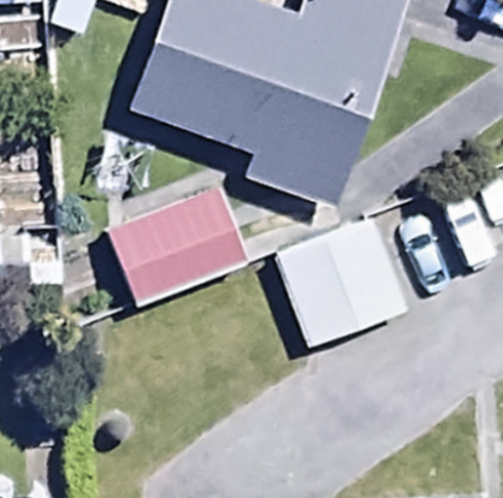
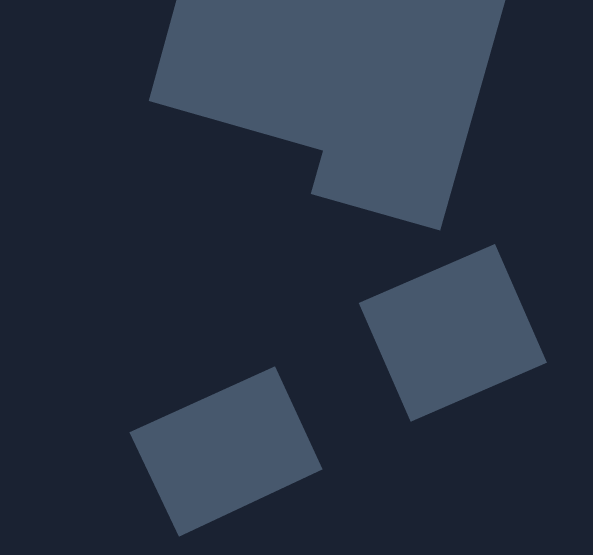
building: [106,185,248,308] -> [129,366,324,538]

